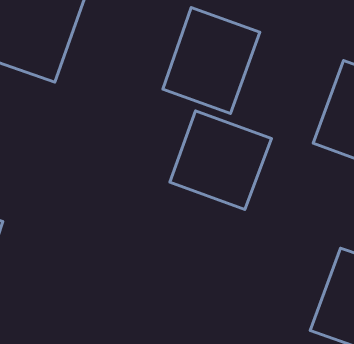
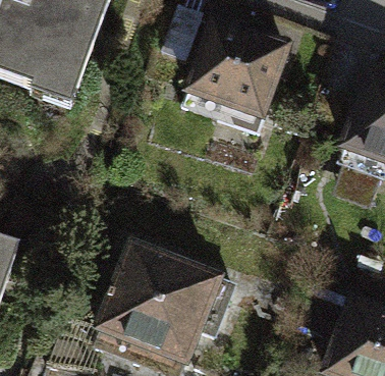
building: [170,111,272,209] -> none
building: none -> [110,220,244,350]

